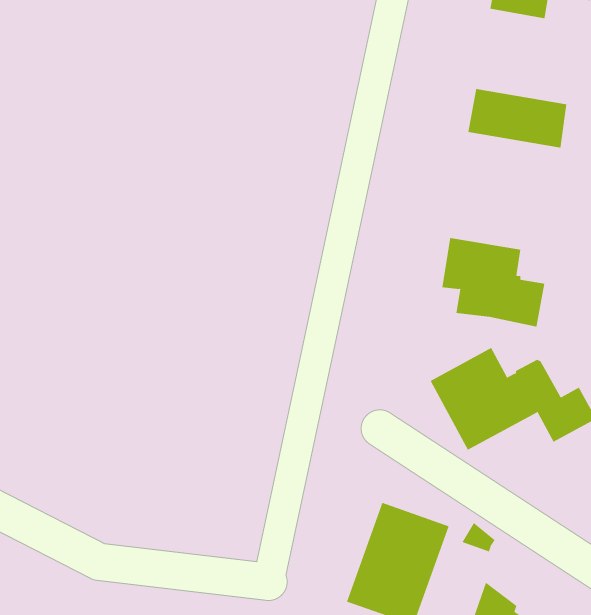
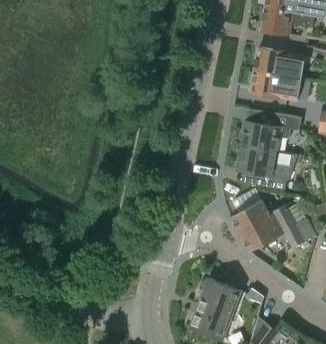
building: none -> [255,48,305,79]
building: none -> [242,110,302,152]

